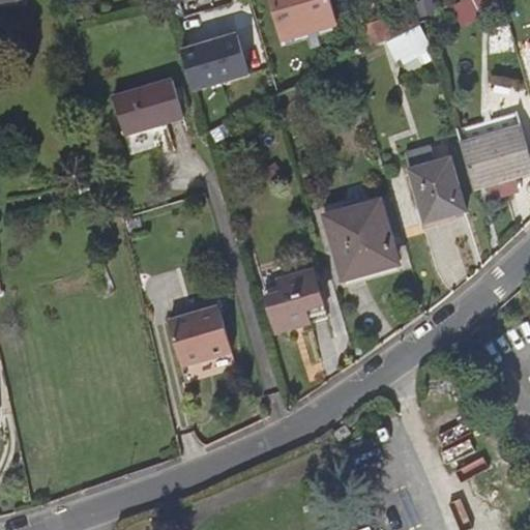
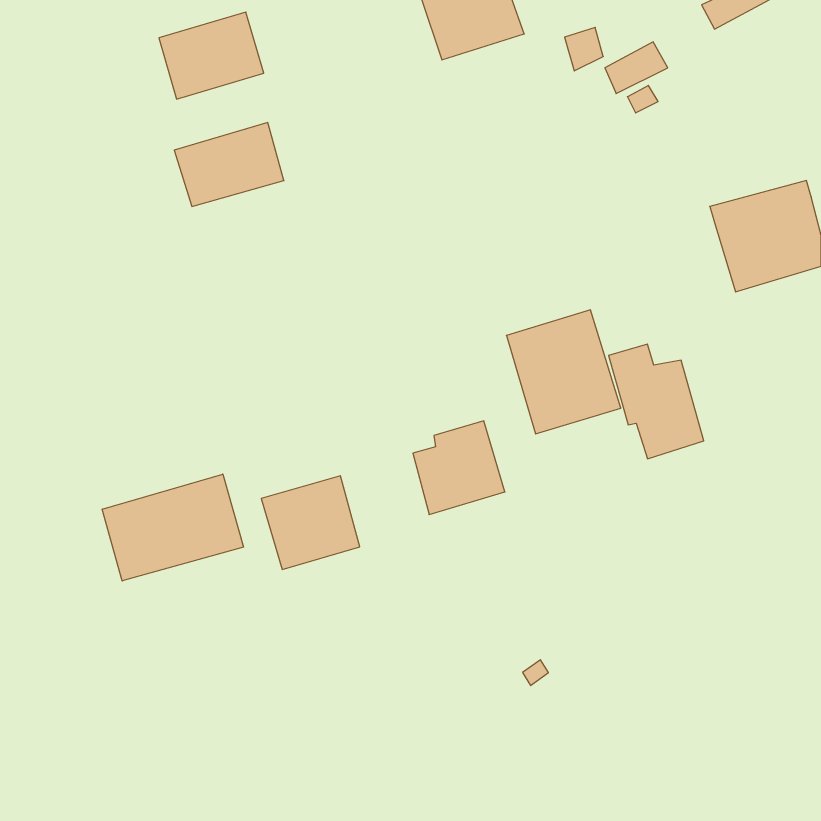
building: [180,35,247,91] -> [159,12,264,99]
building: [404,147,465,220] -> [609,344,704,459]
building: none -> [102,474,244,581]

